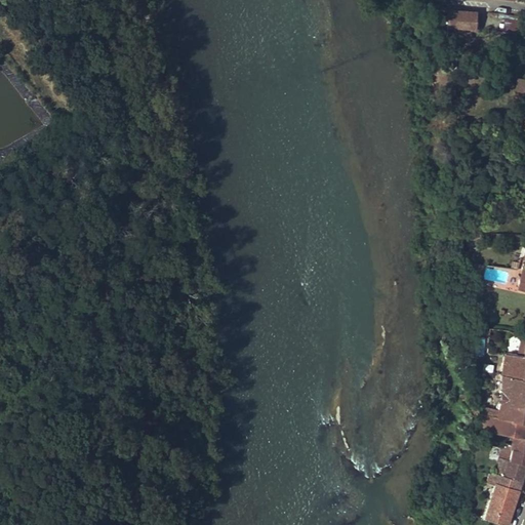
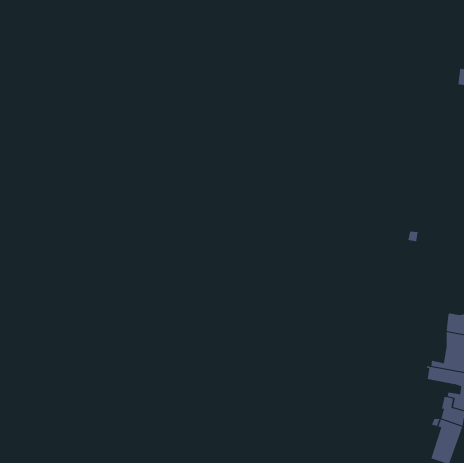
building: [448,11,479,31] -> none

